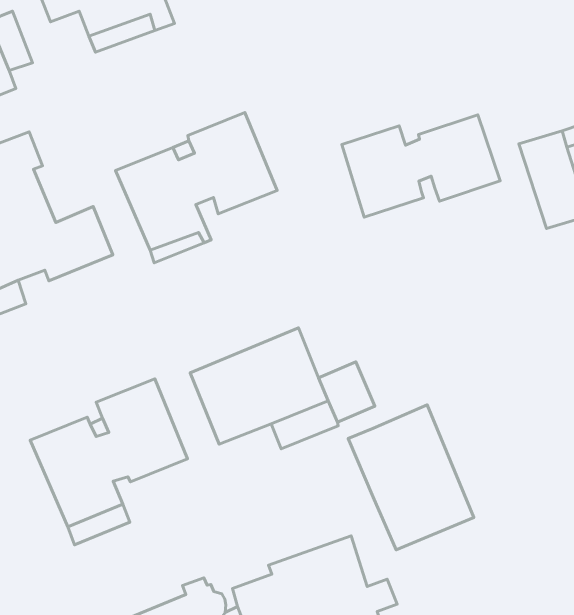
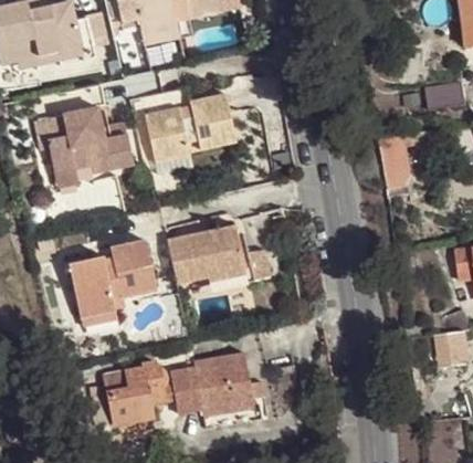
building: [342,115,500,217] -> none
building: [348,405,474,550] -> none

